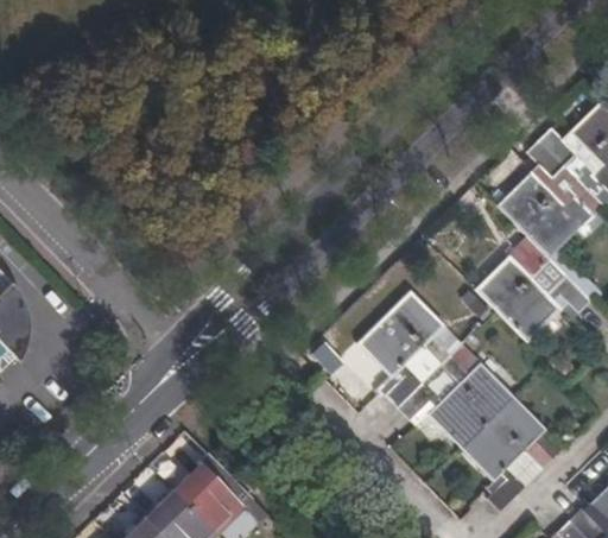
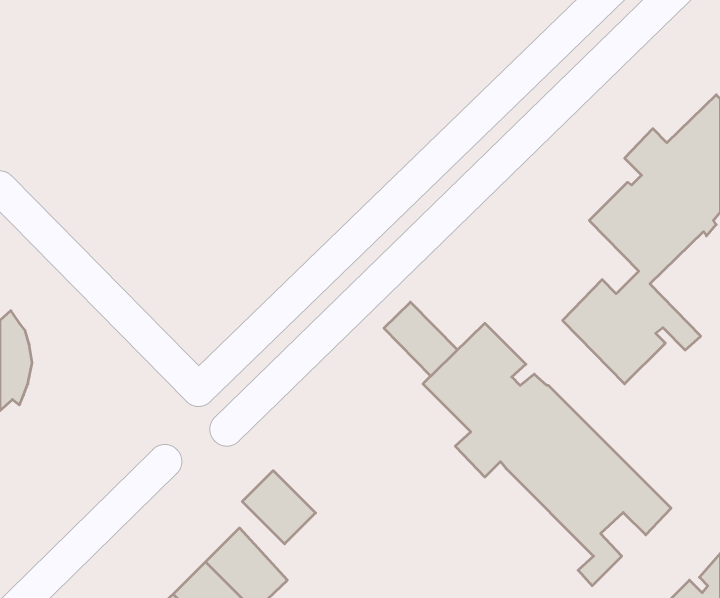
building: none -> [384,302,458,376]
building: none -> [242,471,316,544]

